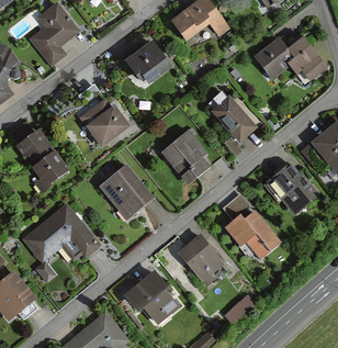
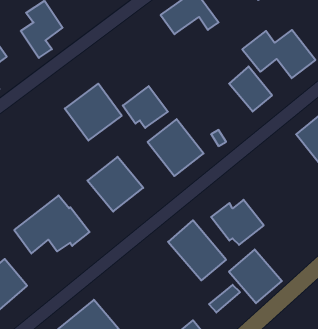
building: [128,40,174,82] -> [123,86,168,128]
building: [213,94,257,141] -> [229,66,272,112]
building: [18,128,72,187] -> none
building: [263,159,319,212] -> none
building: none -> [229,249,282,303]
building: [124,268,180,324] -> none

